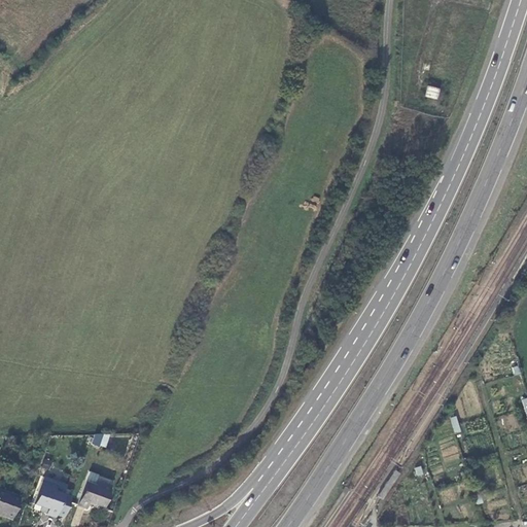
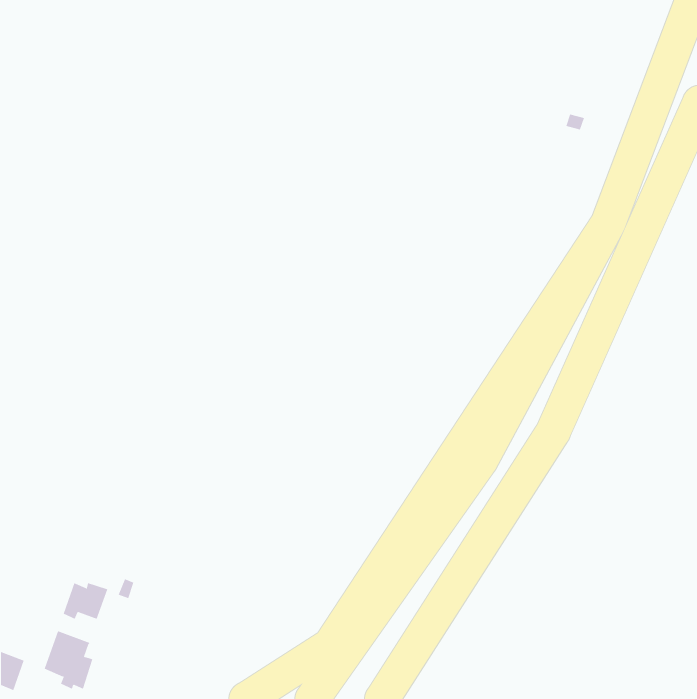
building: [78,481,112,508] -> [63,582,108,619]

